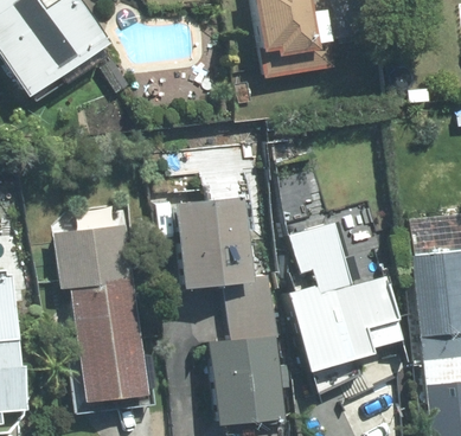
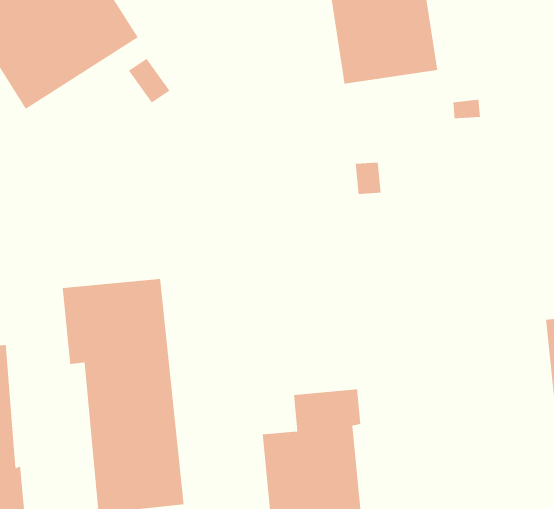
building: [168,198,274,313] -> none
building: [287,222,408,370] -> none

